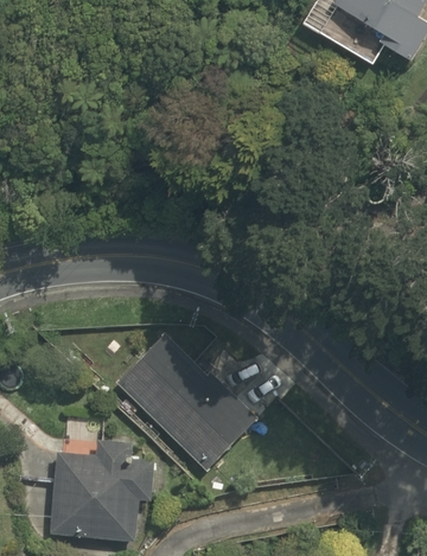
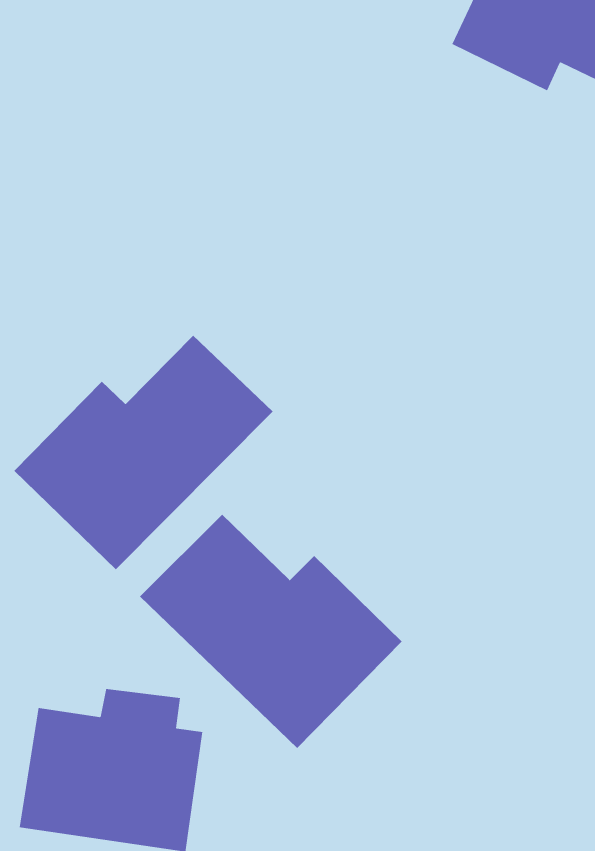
building: none -> [14,335,273,570]

